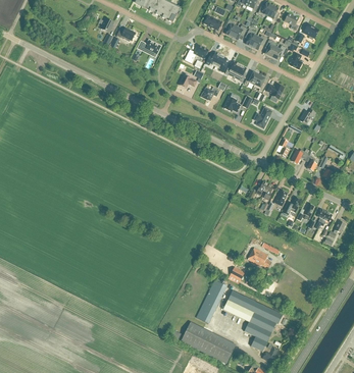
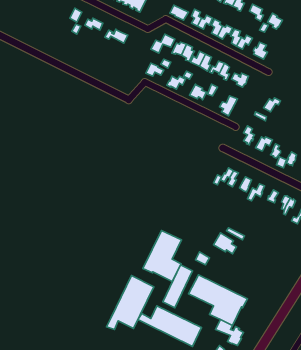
building: none -> [143,231,182,282]
building: none -> [107,276,154,330]

